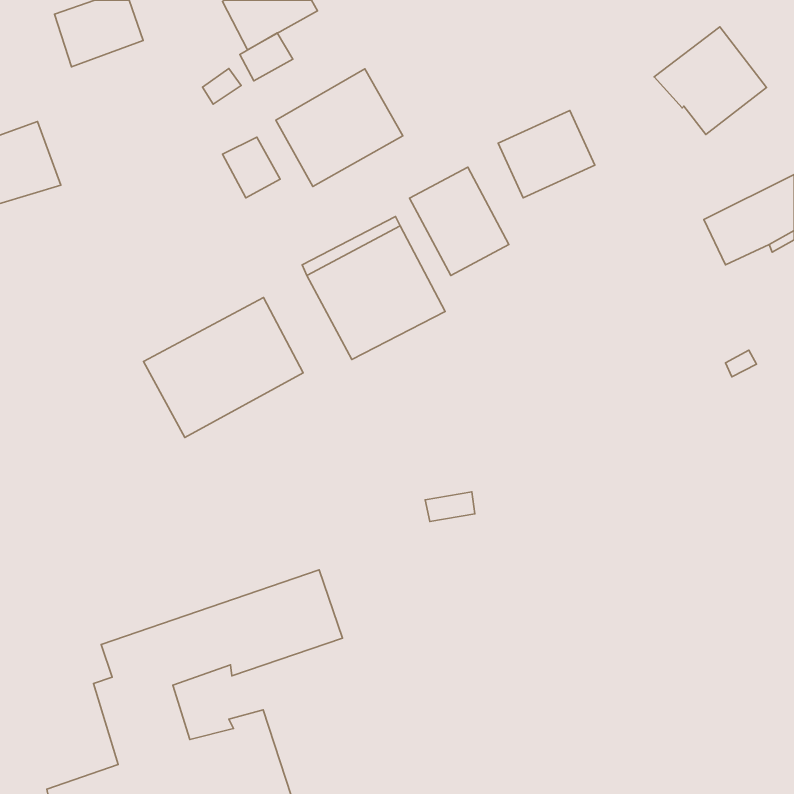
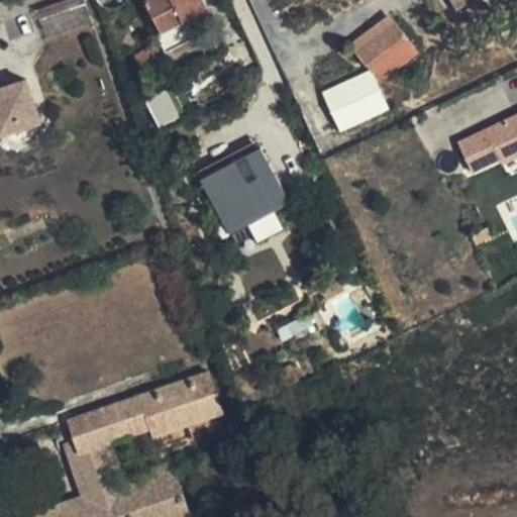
building: [654,27,766,134] -> [345,14,418,84]
building: [276,69,403,186] -> none
building: [409,167,509,276] -> none
building: [143,298,303,438] -> none

